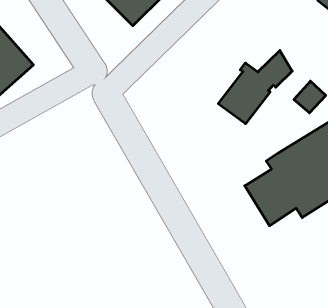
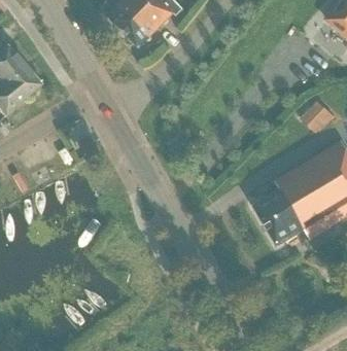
building: [218,50,292,124] -> none

